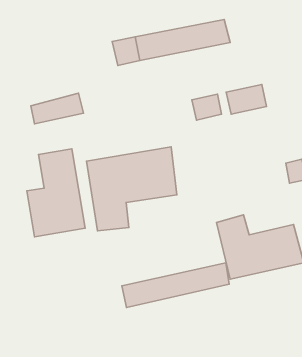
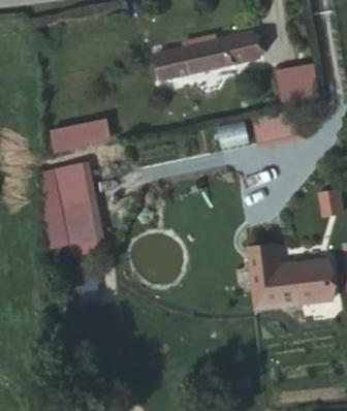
building: none -> [277,65,318,100]
building: [87,147,177,231] -> none
building: [122,263,229,307] -> none

